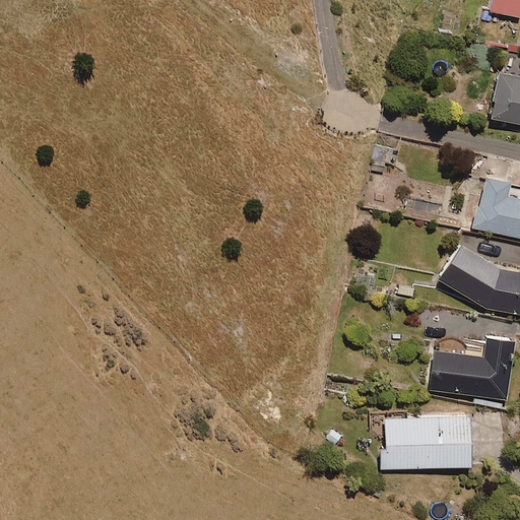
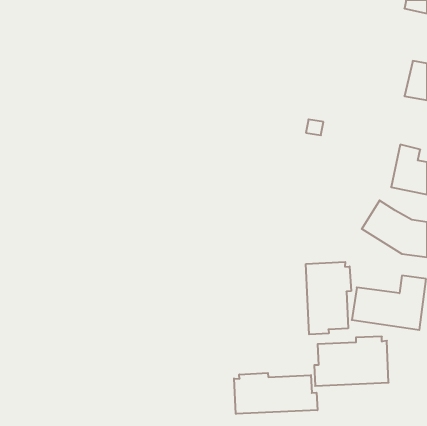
building: none -> [306,262,351,334]
building: none -> [234,373,317,414]

